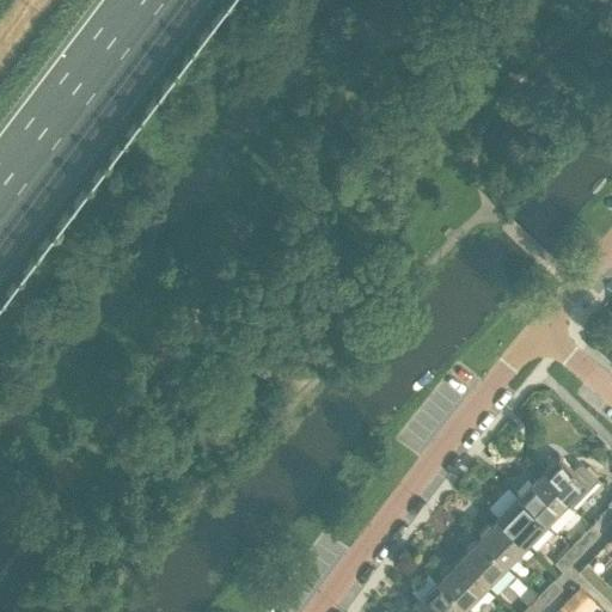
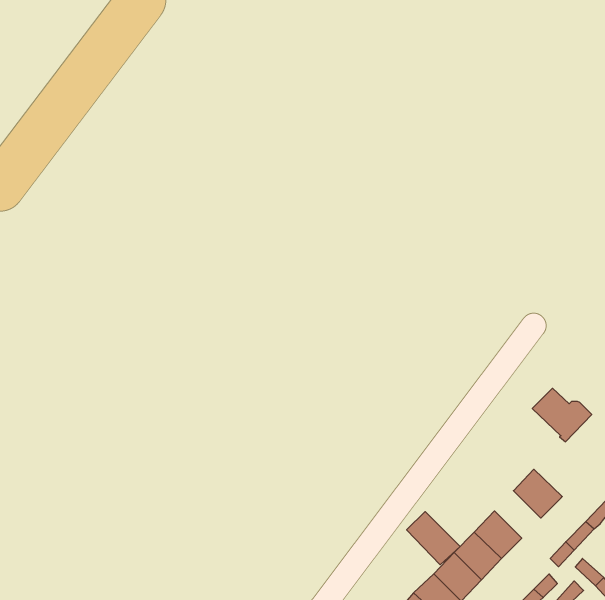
building: [539,459,599,513] -> [532,388,592,442]
building: [500,501,546,549] -> none
building: none -> [407,512,460,565]

